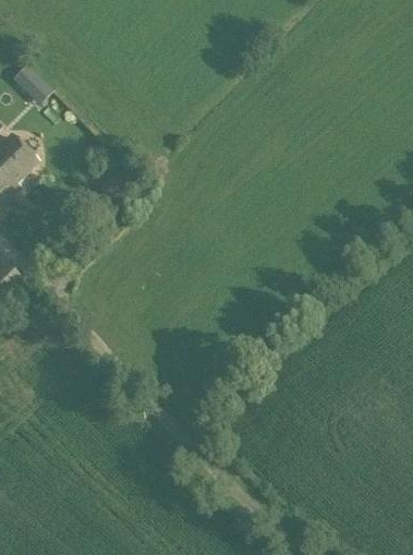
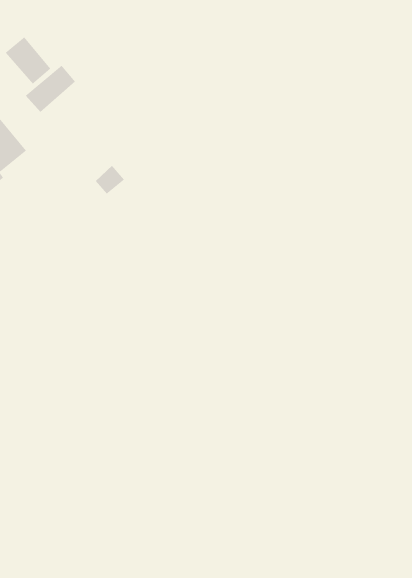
building: none -> [25,65,76,113]

